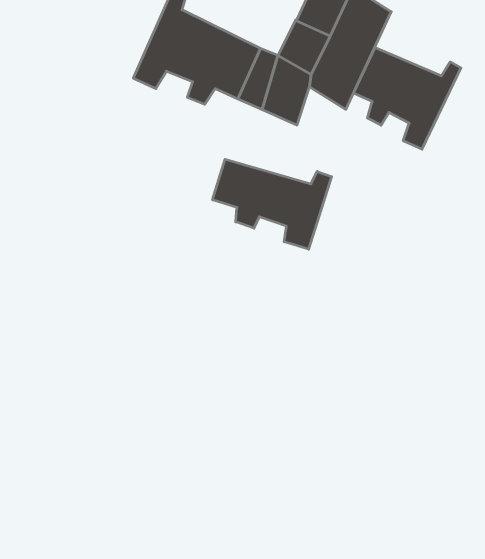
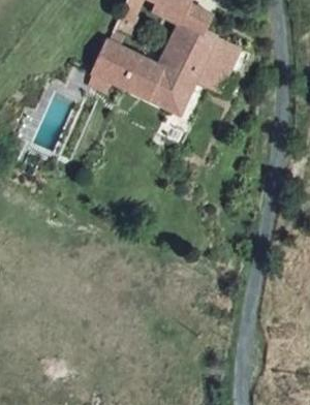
building: [354,48,461,149] -> none
building: [213,159,332,249] -> none

